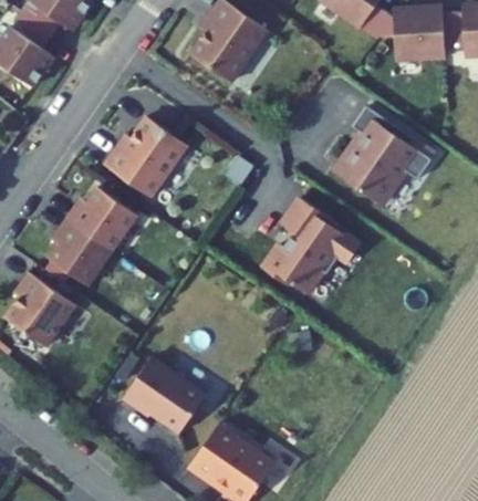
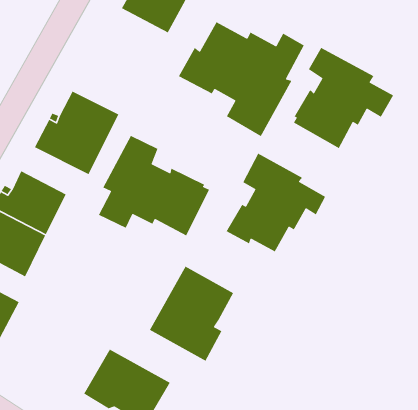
building: none -> [178,21,305,137]
building: none -> [98,135,210,236]
building: none -> [149,265,234,362]

